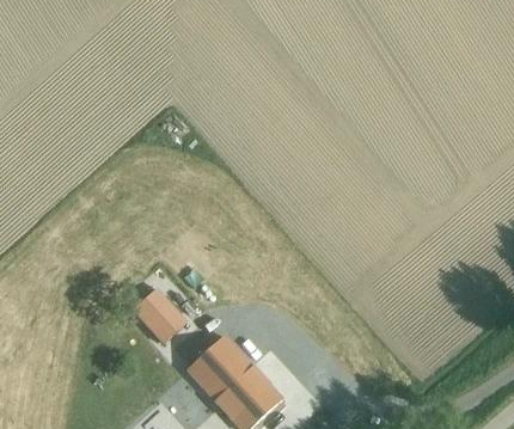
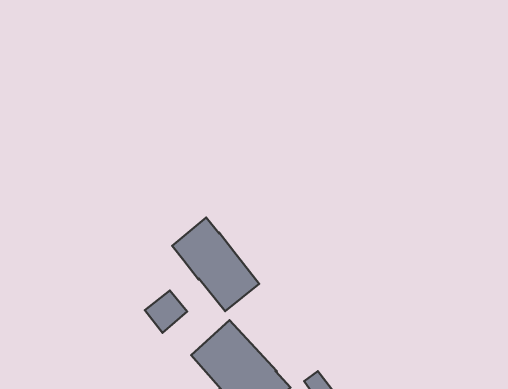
building: none -> [172,217,259,311]

